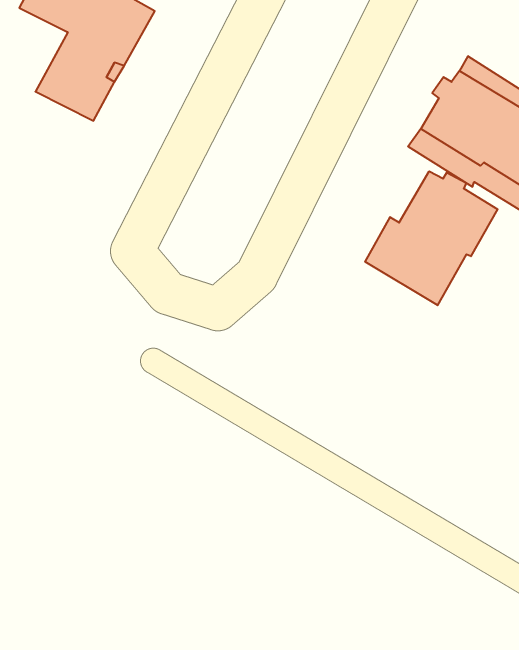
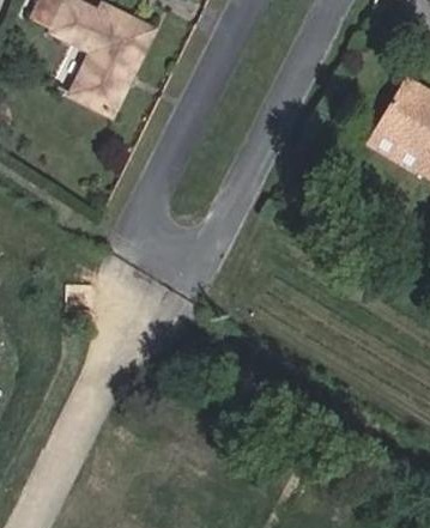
building: [365,171,498,305] -> none

